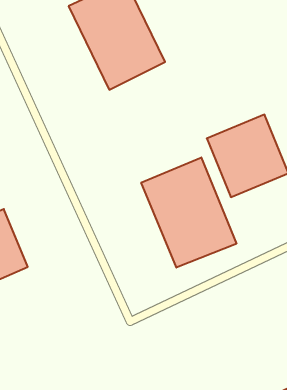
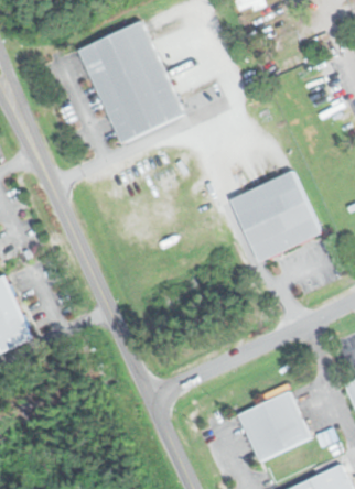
building: [141,157,236,268] -> none
building: none -> [237,390,310,461]

